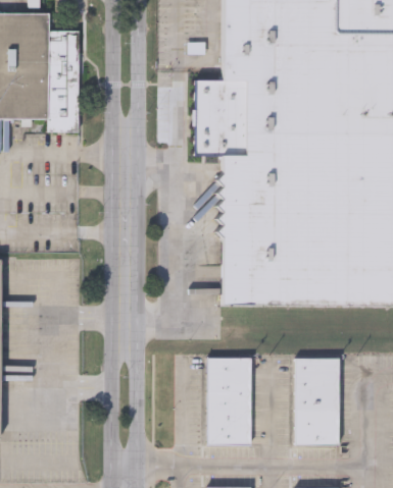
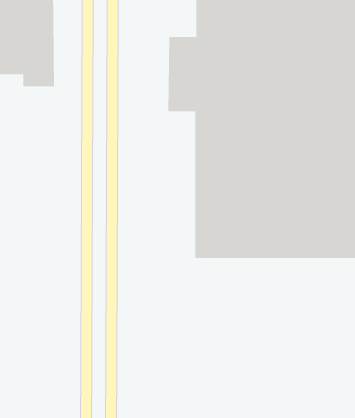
building: [205,359,249,446] -> none
building: [294,359,337,446] -> none

